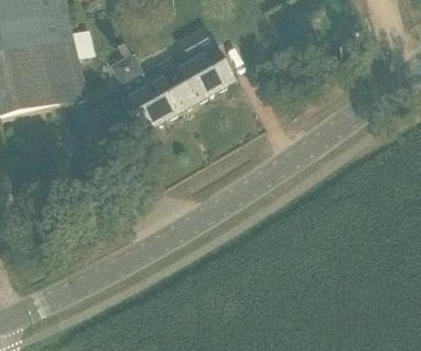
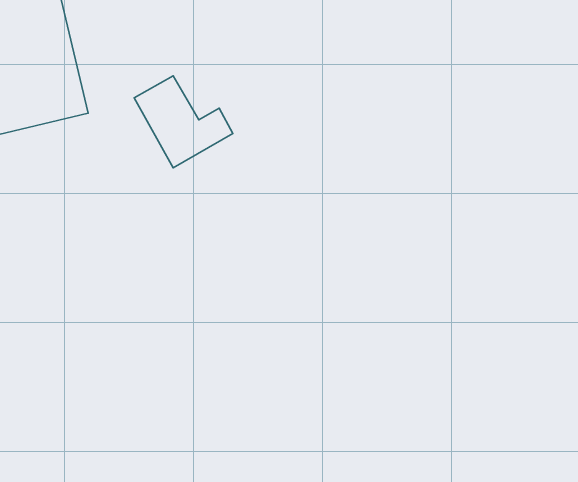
building: [140,42,232,104] -> none

